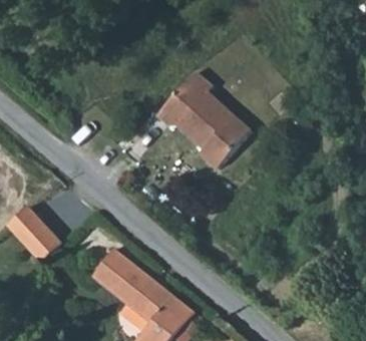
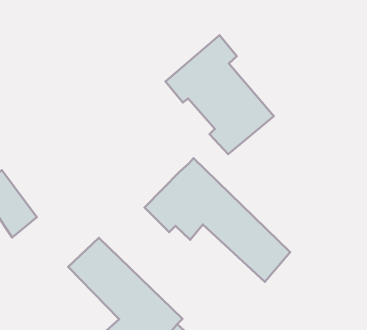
building: none -> [144,158,290,282]

